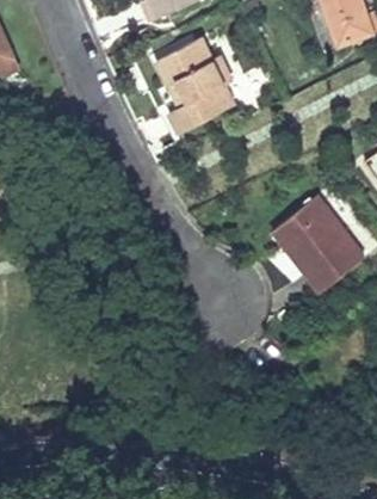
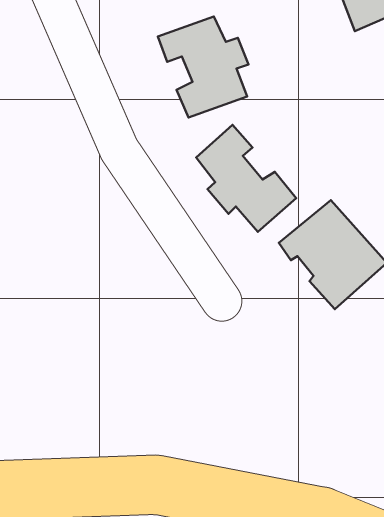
building: none -> [196,125,296,232]

